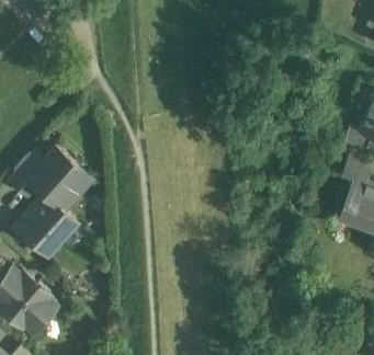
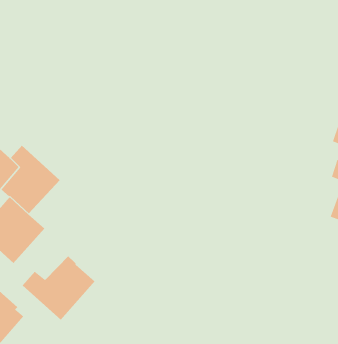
building: none -> [22,255,95,321]

